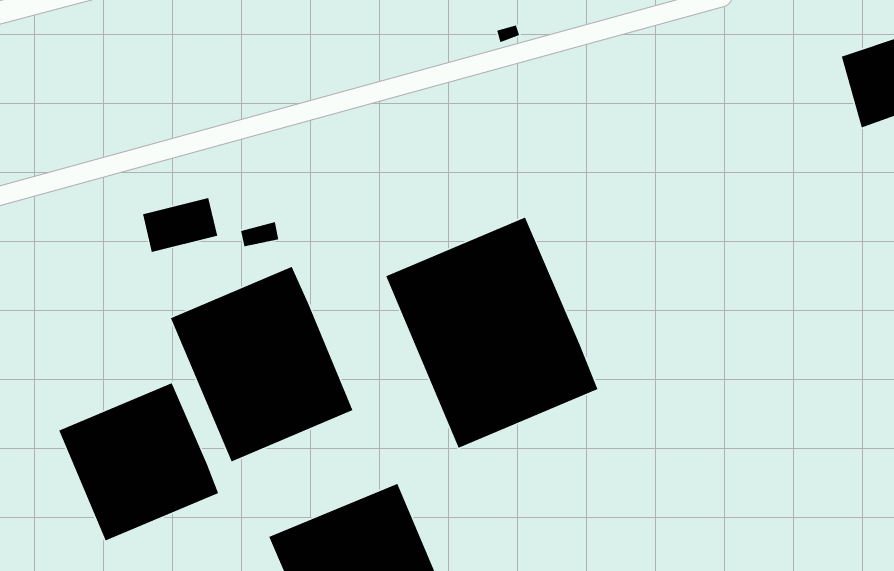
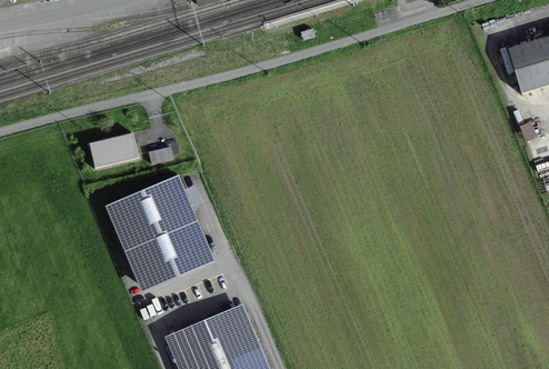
building: [385,216,599,449] -> none
building: [58,382,219,542] -> none

